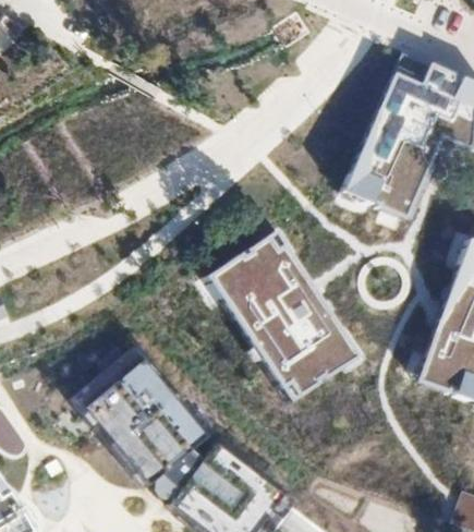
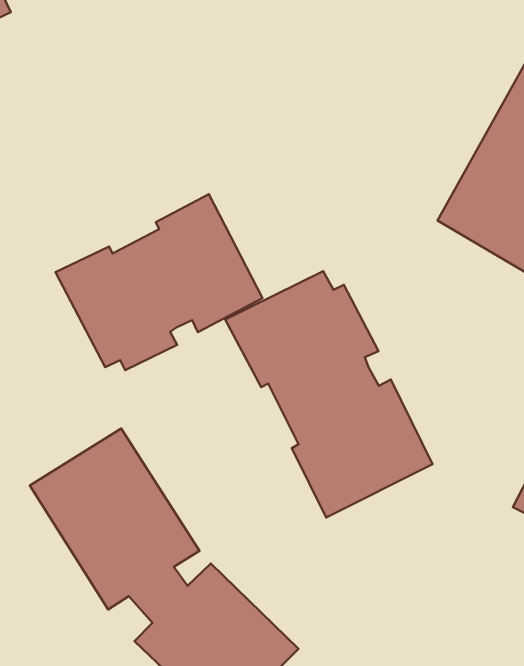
building: none -> [55,194,262,370]

